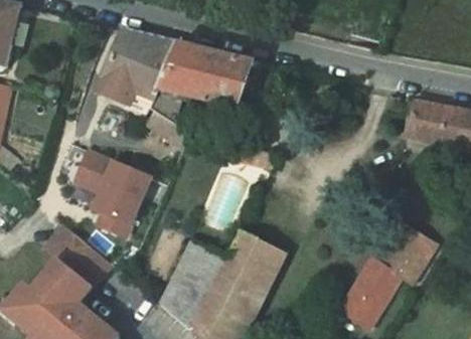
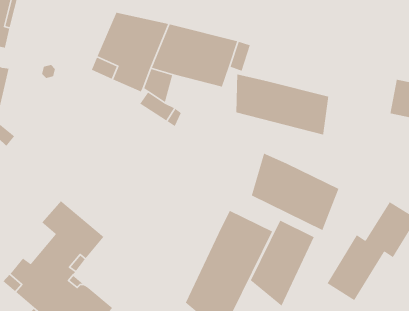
building: none -> [235,73,329,135]
building: [75,150,150,234] -> none
building: none -> [251,152,339,231]
building: [160,239,227,330] -> [250,219,315,307]

